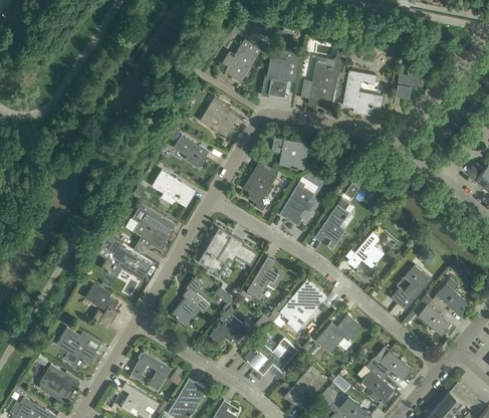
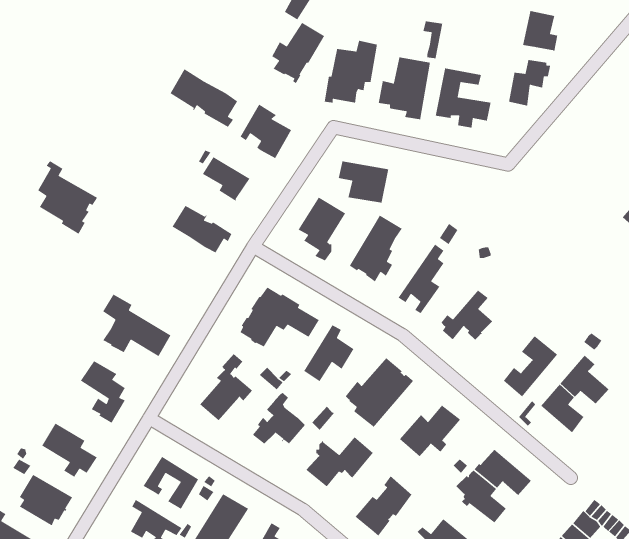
building: none -> [522,10,558,53]
building: none -> [170,68,238,128]
building: [132,197,176,251] -> [37,160,98,235]

